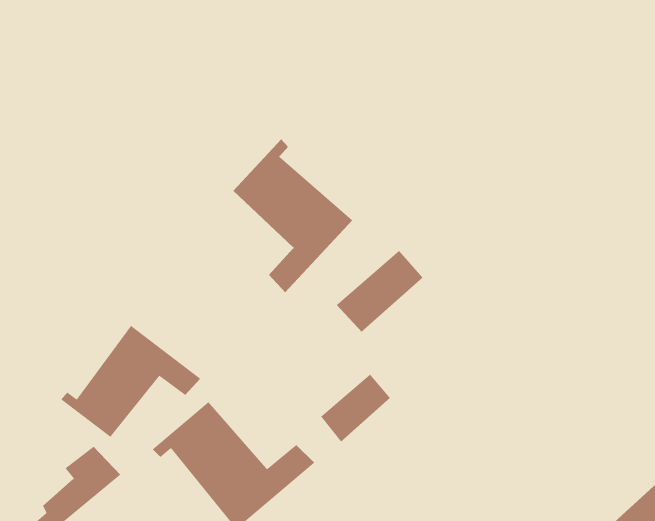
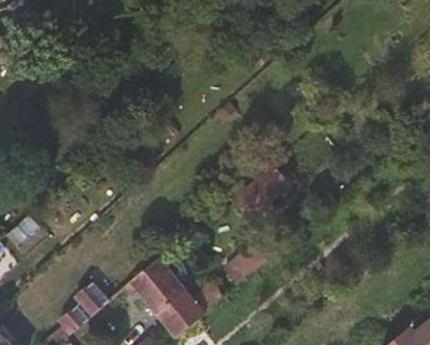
building: [232,139,353,293] -> none
building: [60,325,201,438] -> none

